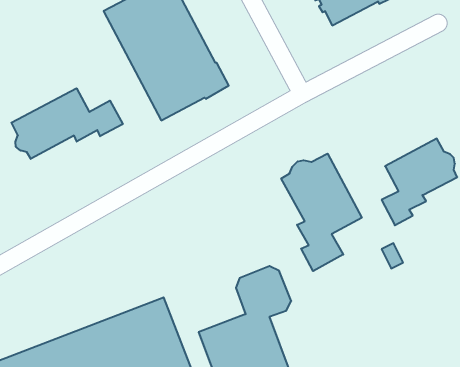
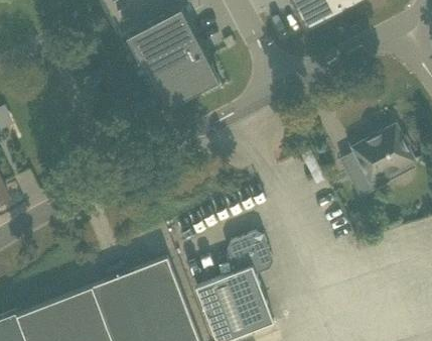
building: [11,88,123,159] -> none
building: [281,154,362,271] -> none

